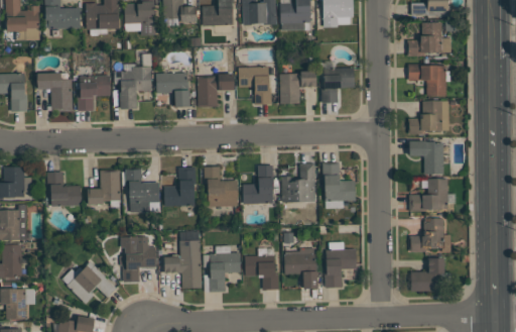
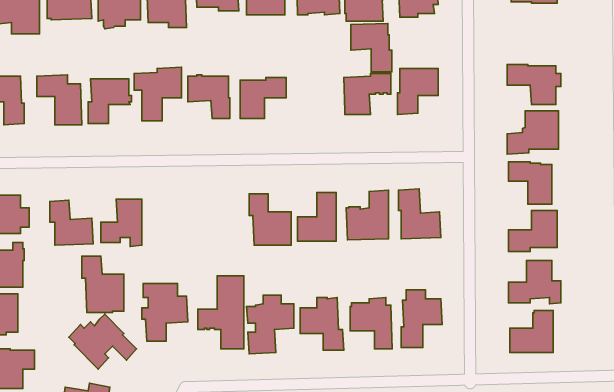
building: [407,22,452,57] -> none
building: [239,67,271,105] -> [351,23,392,72]
building: [164,168,196,207] -> none
building: [126,169,159,213] -> [82,256,124,313]

